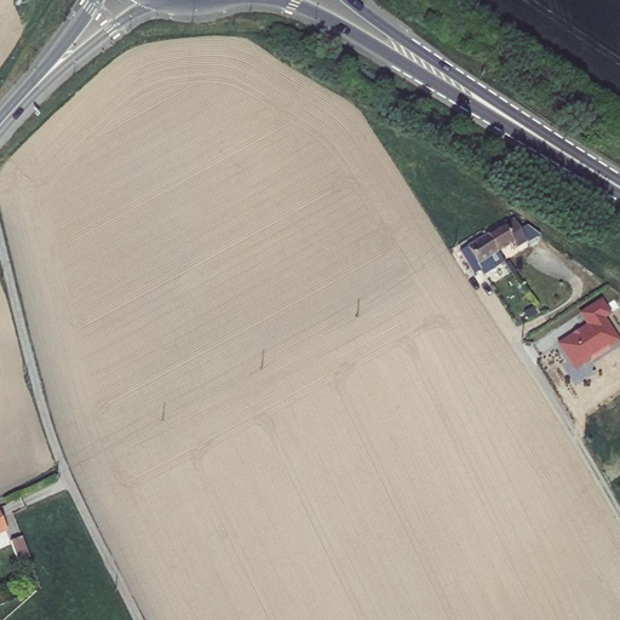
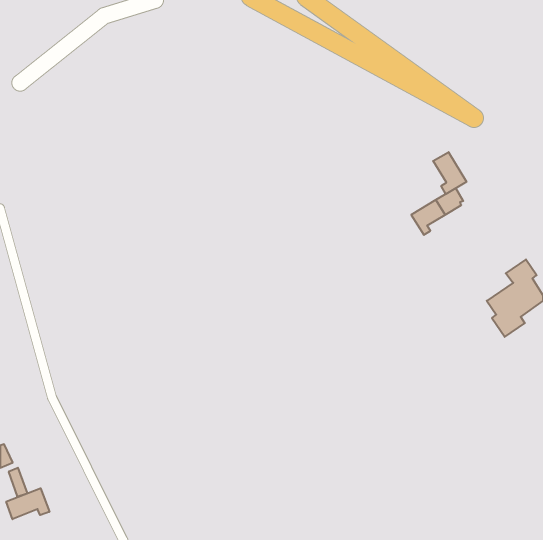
building: none -> [433,152,466,194]
building: none -> [6,488,49,519]

